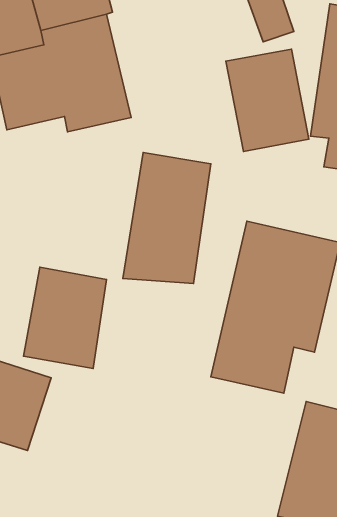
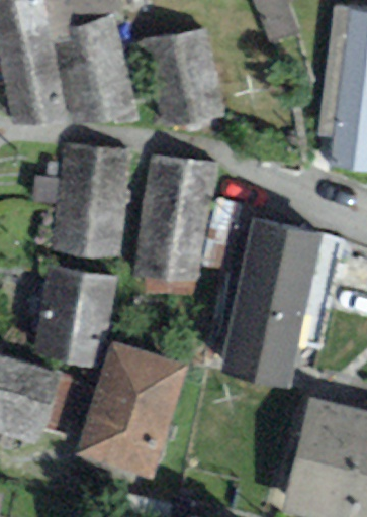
building: [226,49,309,151] -> [141,27,222,128]
building: none -> [51,141,130,258]
building: none -> [77,341,189,477]

